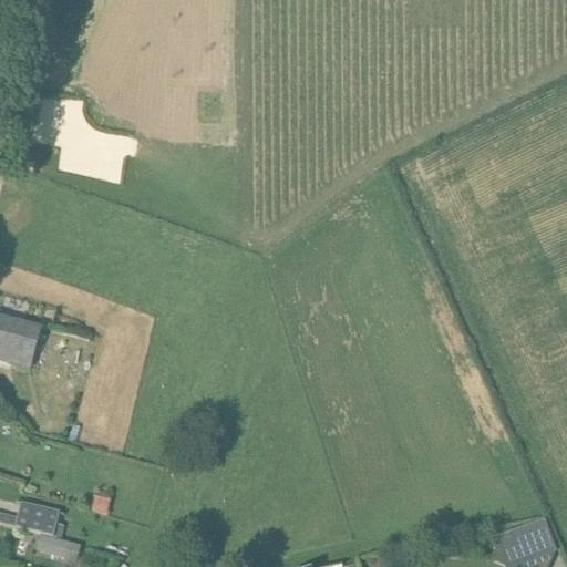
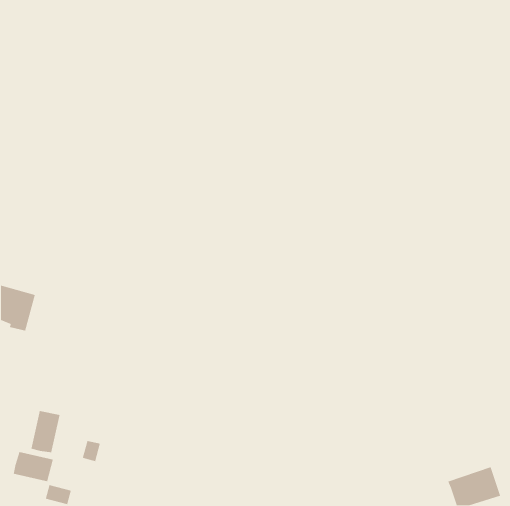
building: none -> [30,410,61,453]

